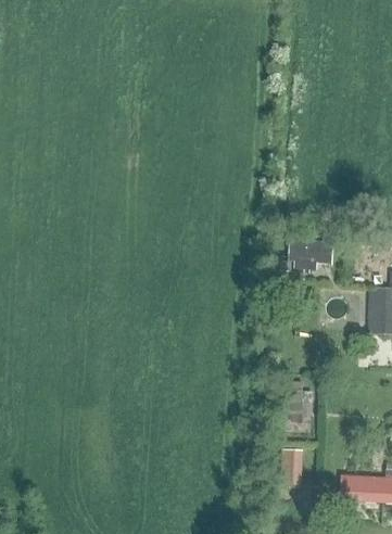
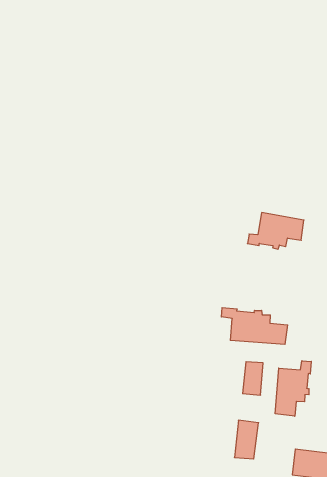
building: none -> [221,308,288,344]
building: none -> [275,361,311,416]

